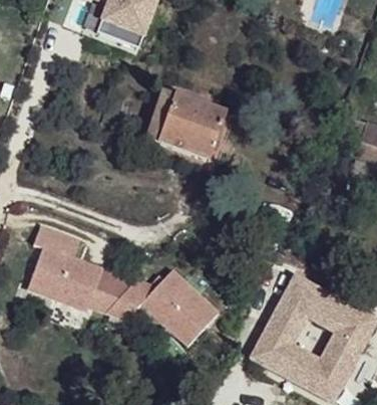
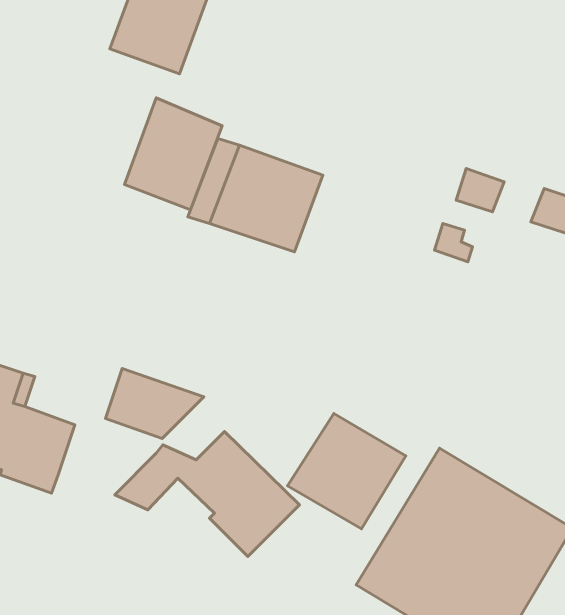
building: none -> [124,98,222,210]
building: none -> [288,413,406,529]
building: [67,261,126,303] -> [106,368,204,438]

